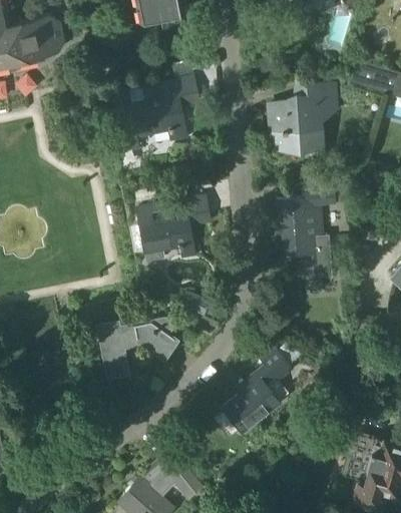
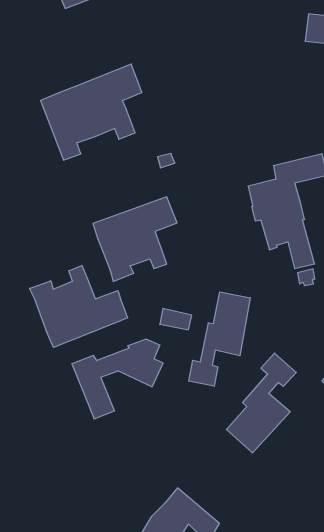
building: [270,85,337,152] -> none
building: none -> [30,265,128,347]
building: none -> [189,292,250,386]

